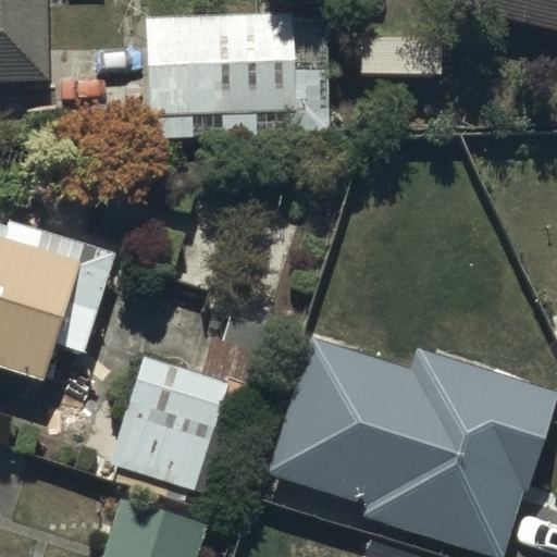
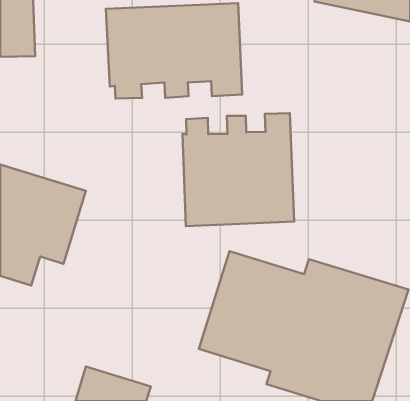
building: none -> [183,113,294,226]
building: [108,356,258,494] -> none

